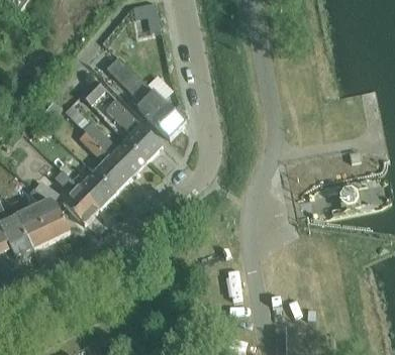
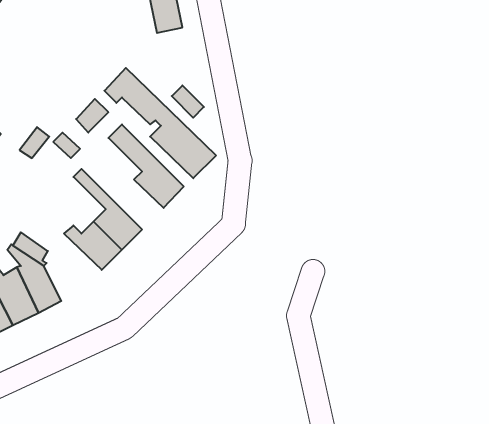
building: [83,122,146,176] -> none
building: [55,169,100,224] -> none

